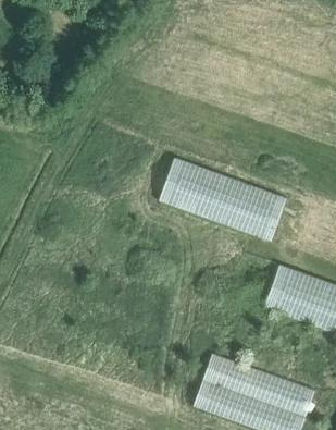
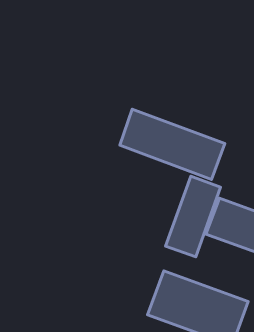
building: none -> [166,176,221,257]

